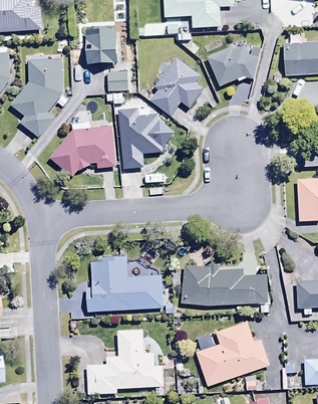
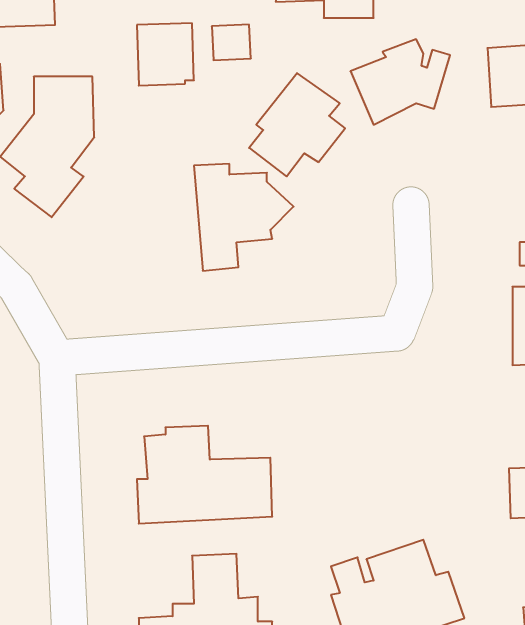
building: [107,70,129,90] -> [212,25,251,60]
building: [51,122,115,176] -> none
building: [181,263,270,306] -> none

